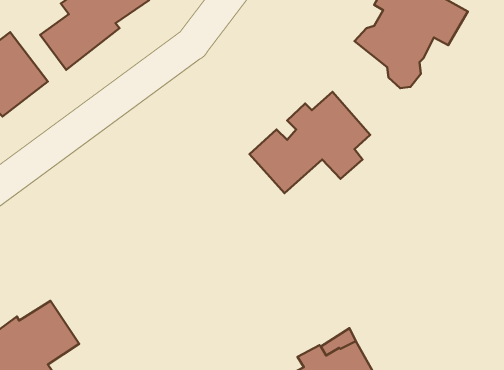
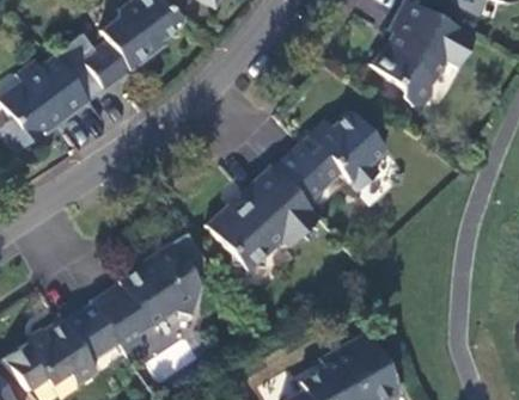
building: none -> [206,164,319,264]
building: none -> [92,244,202,358]

